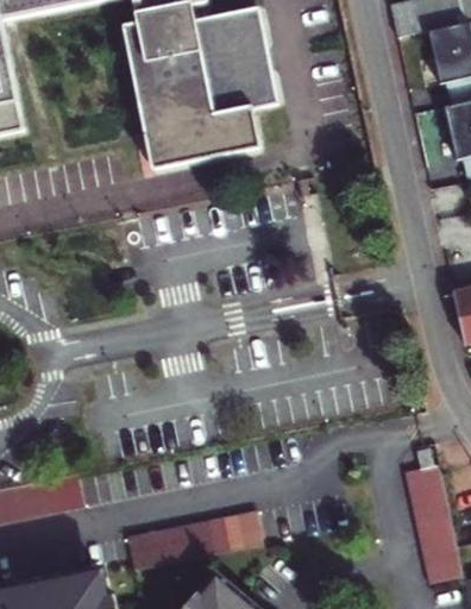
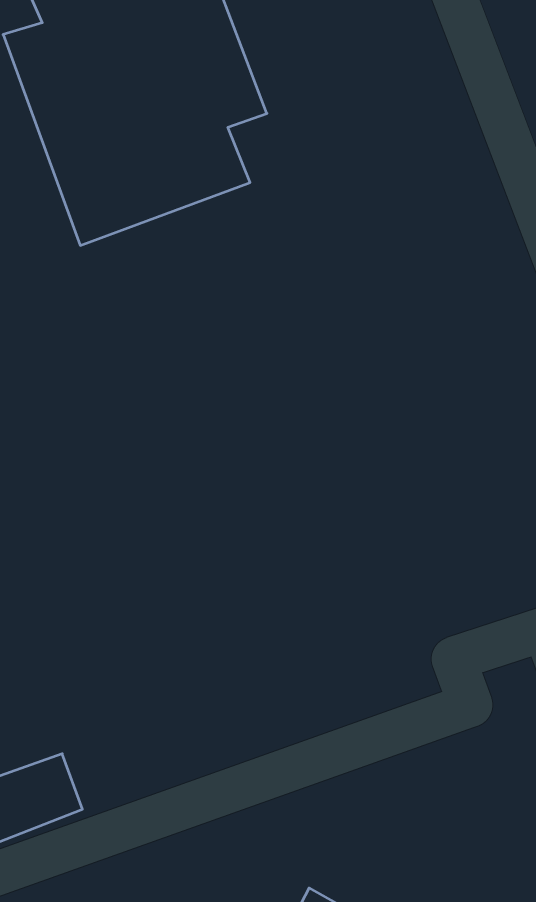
building: [125,510,259,569] -> none

